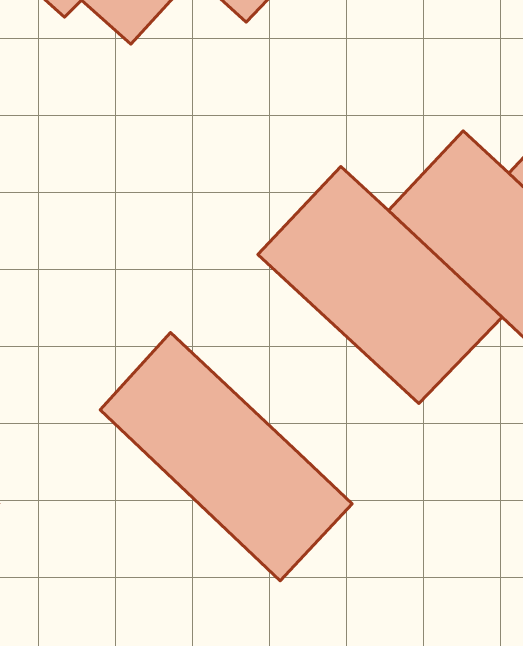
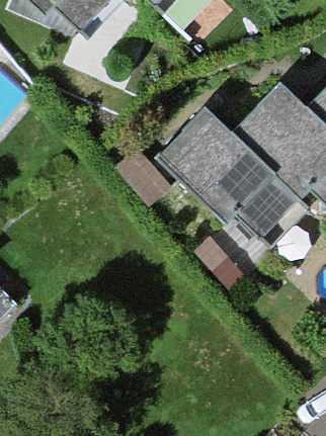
building: [100,333,352,581] -> none

